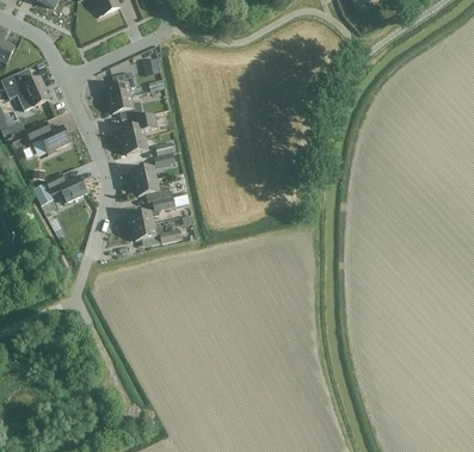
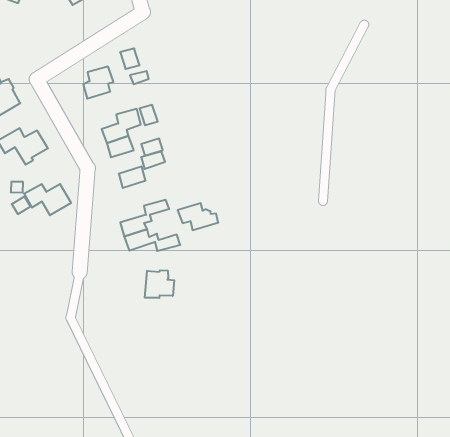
building: [109,94,142,119] -> none
building: [134,178,170,202] -> [178,203,218,230]
building: none -> [145,270,174,298]

